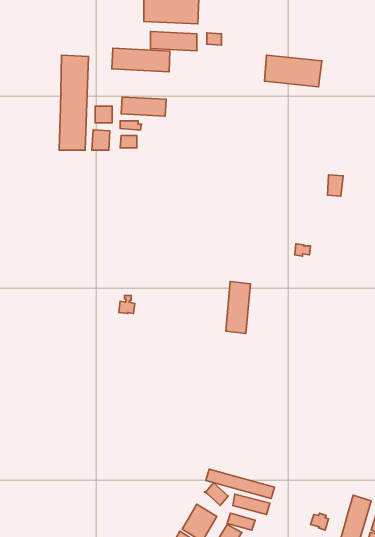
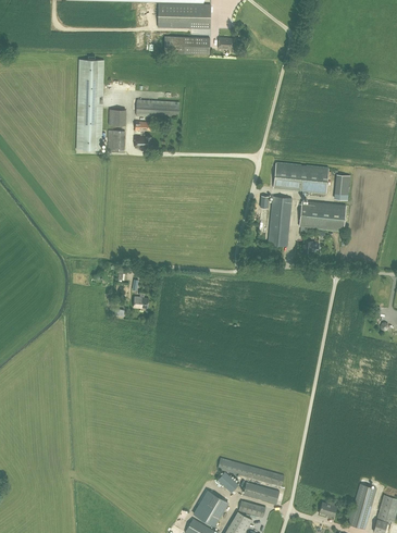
building: [112,48,170,72] -> none
building: [264,55,322,87] -> [272,162,327,193]
building: none -> [298,201,345,231]
building: [226,282,250,333] -> [266,196,290,246]

